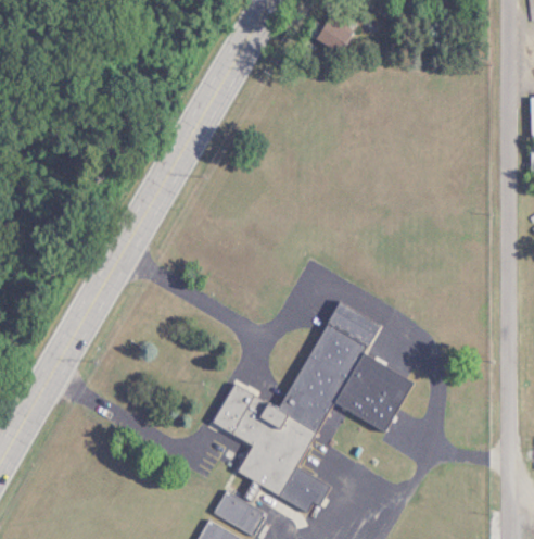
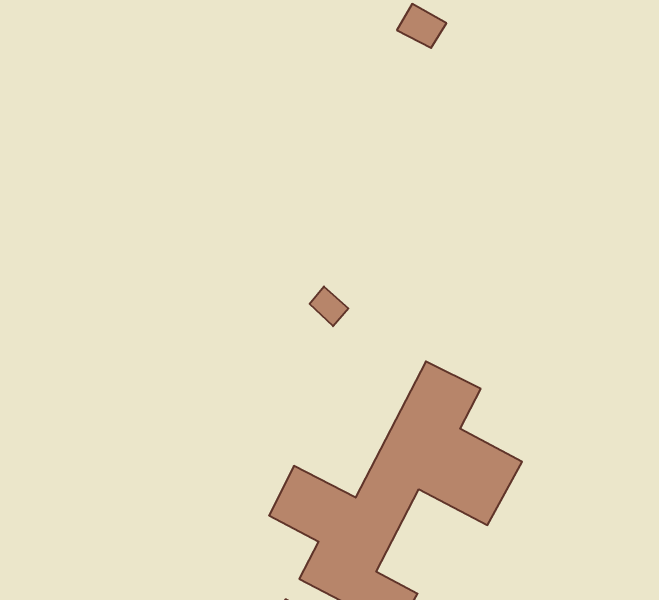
building: none -> [310,286,348,326]

